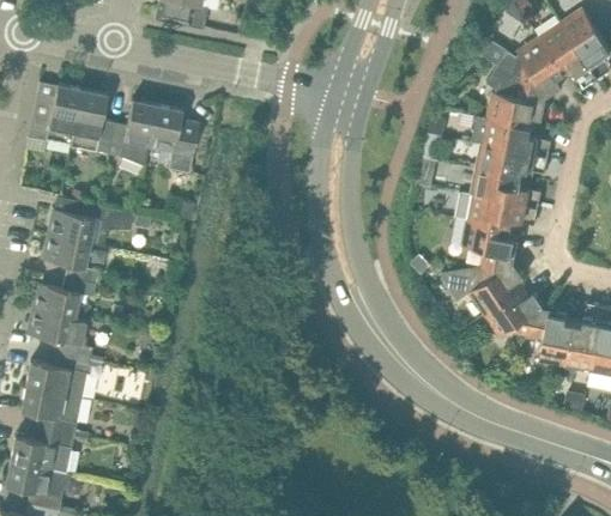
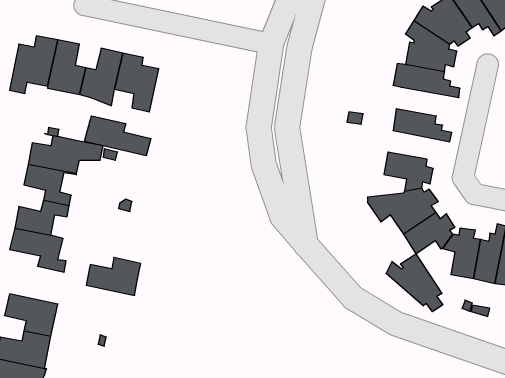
building: [477,145,550,178] -> none
building: none -> [85,116,151,156]
building: [456,193,539,229] -> none
building: none -> [386,254,443,312]
building: [26,353,90,397] -> [86,257,141,295]

